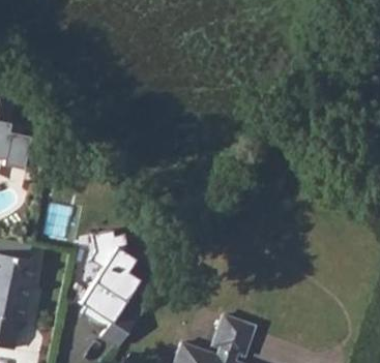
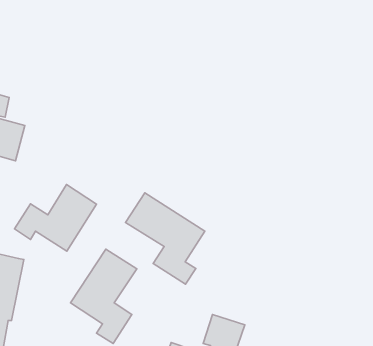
building: none -> [15,185,97,251]
building: none -> [125,193,205,284]

